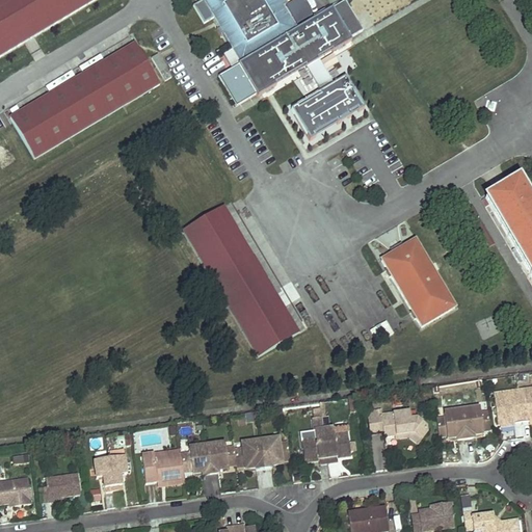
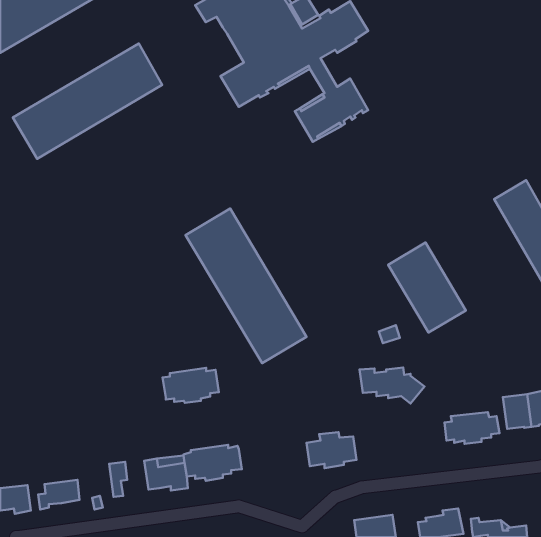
building: [369,404,432,440] -> [360,367,424,403]
building: [235,431,290,466] -> [163,368,219,403]
building: [94,455,112,489] -> none

